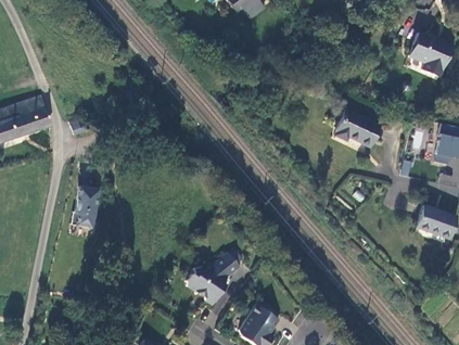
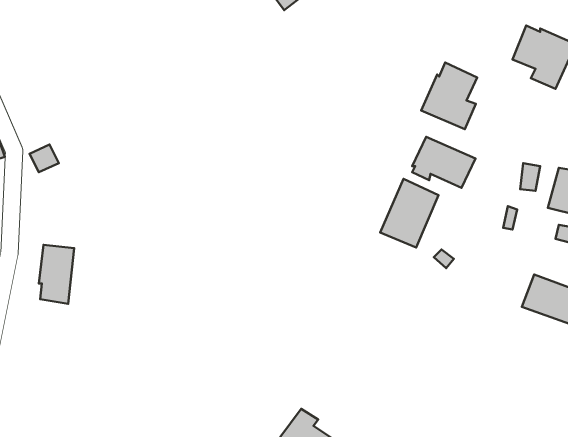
building: none -> [421,62,477,129]
building: none -> [380,179,438,247]
building: [190,250,242,303] -> none

